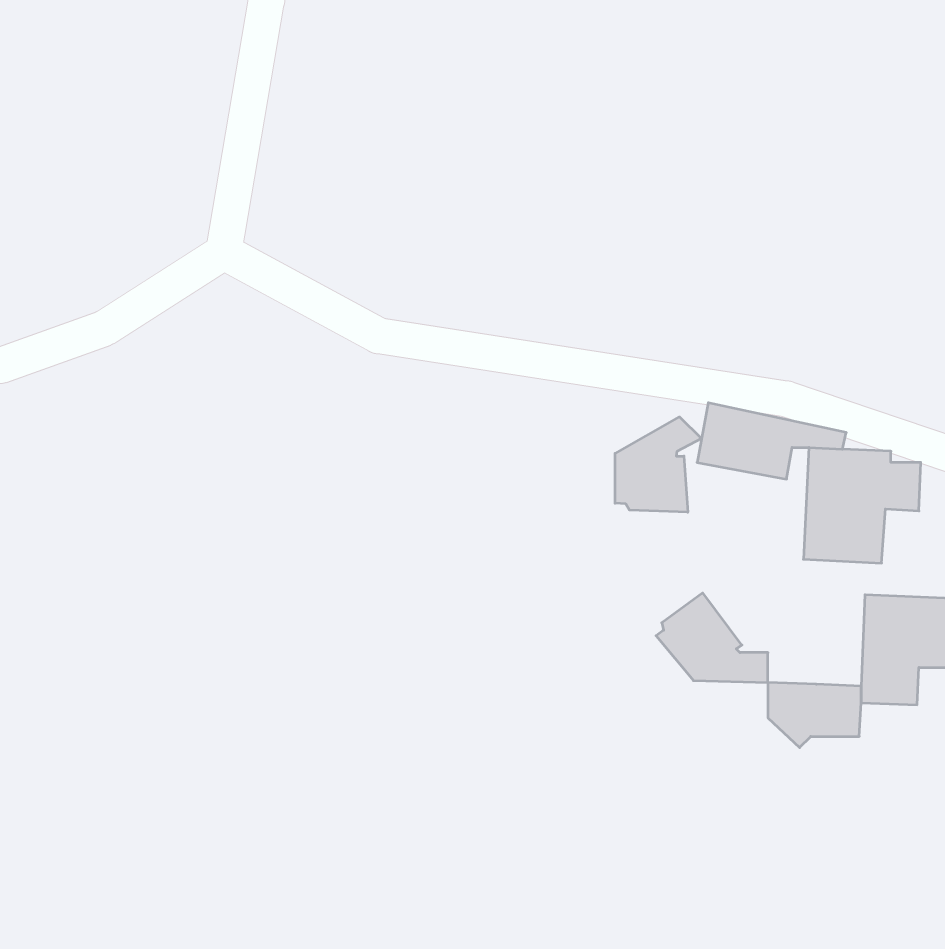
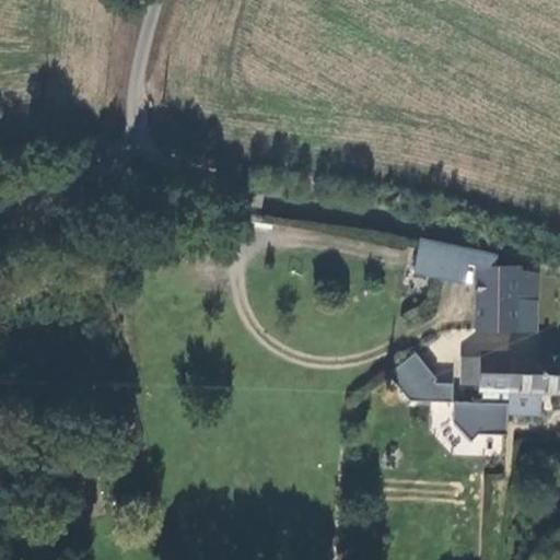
building: [615,417,702,512] -> none
building: none -> [464,350,512,405]

